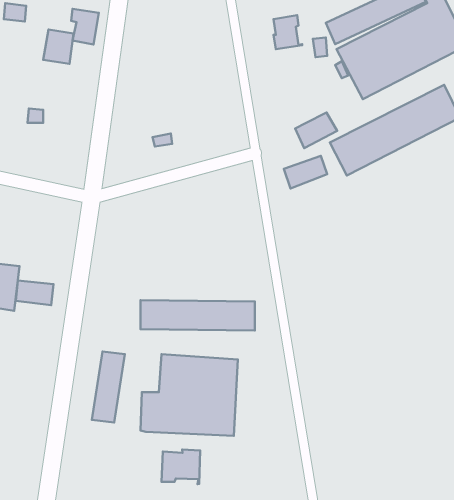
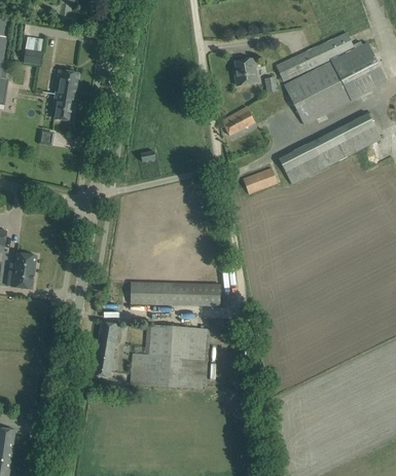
building: [71,9,99,44] -> [53,94,75,121]
building: [295,113,337,148] -> [222,108,255,136]
building: [16,280,54,305] -> none
building: [161,449,200,484] -> none

